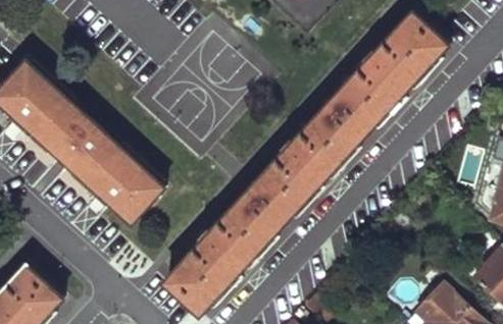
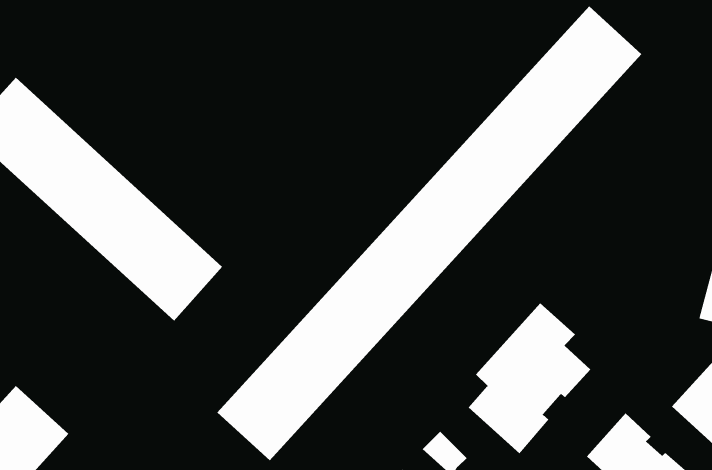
building: none -> [468,302,591,454]

